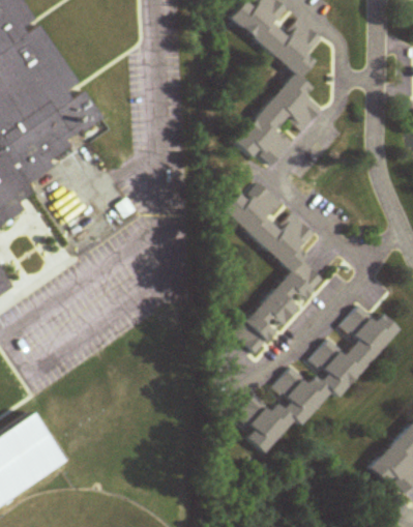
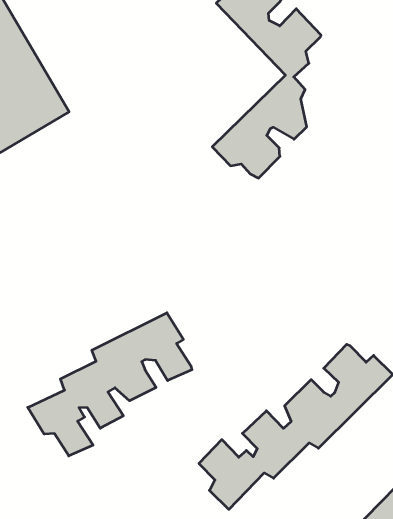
building: [222,183,320,354] -> none
building: none -> [28,313,192,456]

